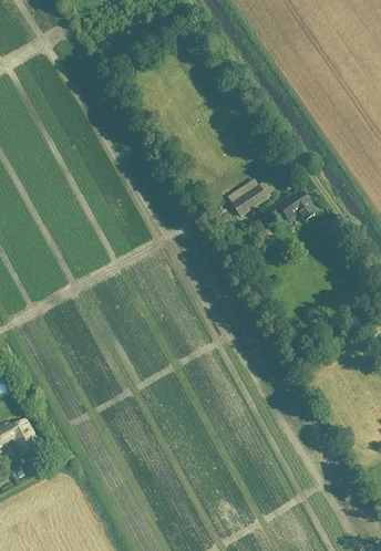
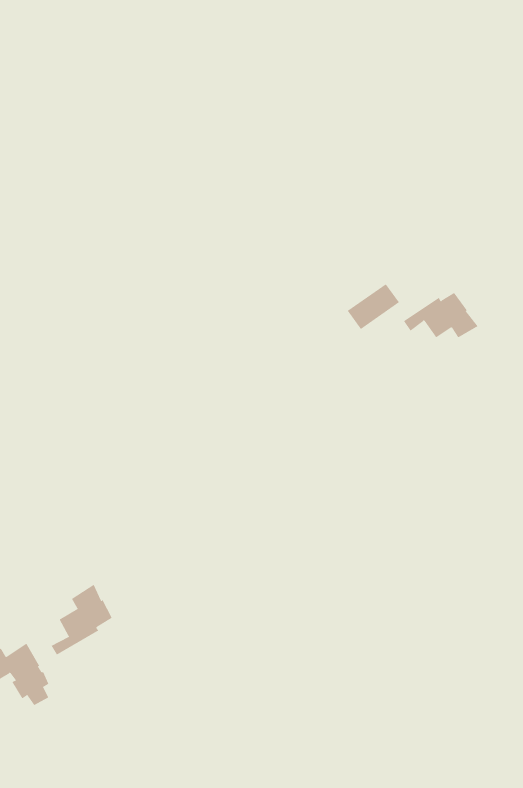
building: none -> [51,584,113,655]

